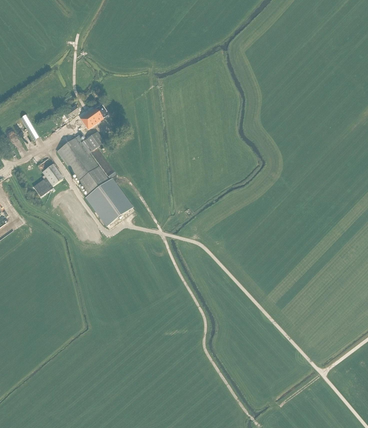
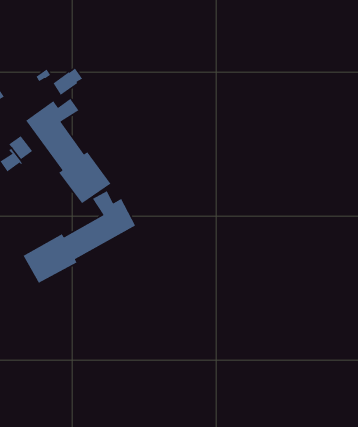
building: none -> [22,190,136,284]

